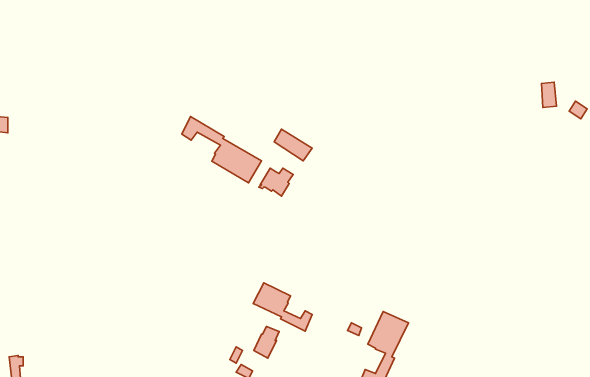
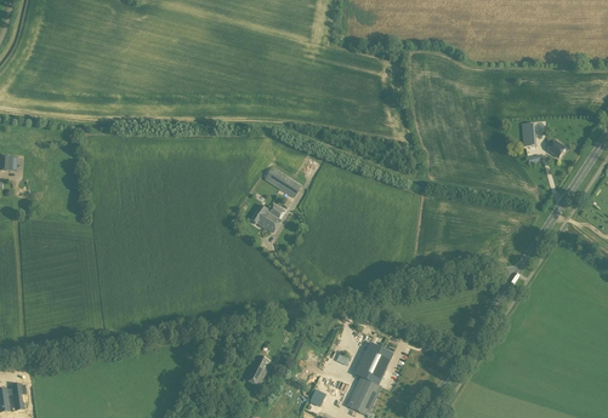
building: [182,116,262,183] -> none
building: [253,283,312,331] -> none

